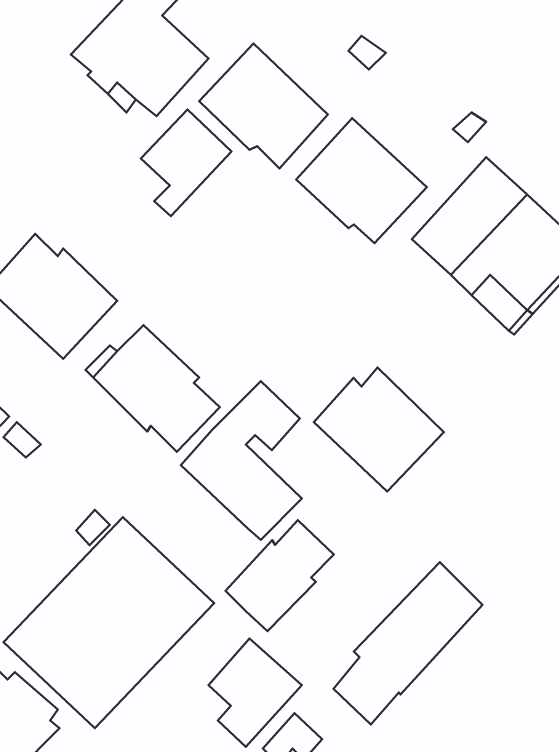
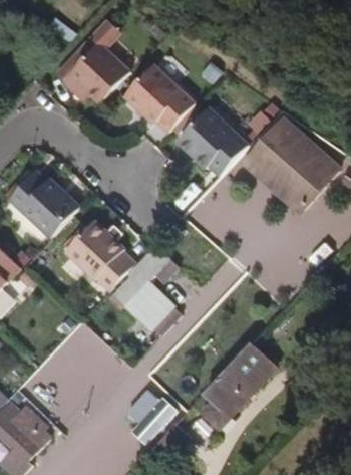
building: [141,109,231,216] -> none
building: [314,367,444,492] -> none
building: [225,520,334,631] -> none

